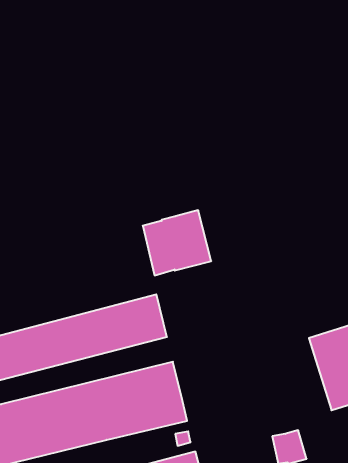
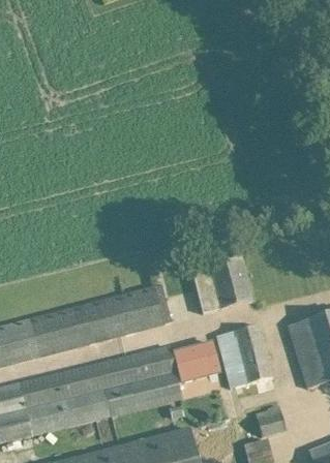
building: [143,210,211,275] -> [191,256,251,313]
building: none -> [216,325,271,388]
building: none -> [174,342,218,380]

